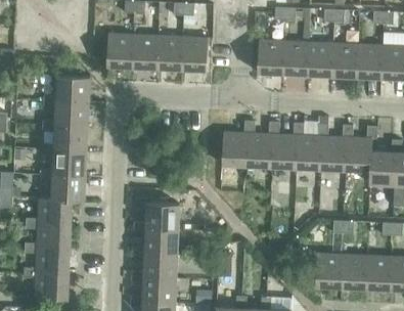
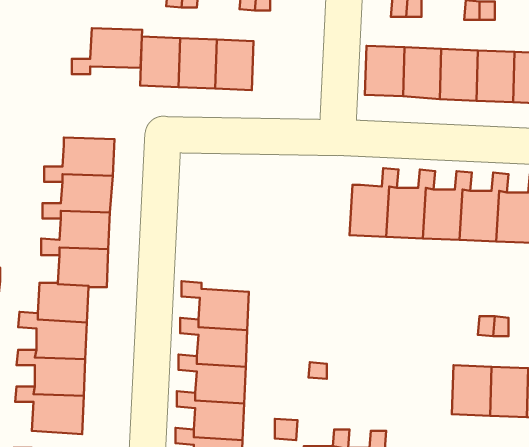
building: [181,37,208,71] -> none
building: [43,76,90,106] -> [72,28,142,74]
building: [221,121,255,167] -> none

